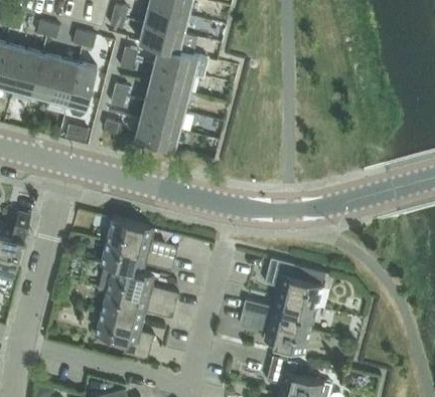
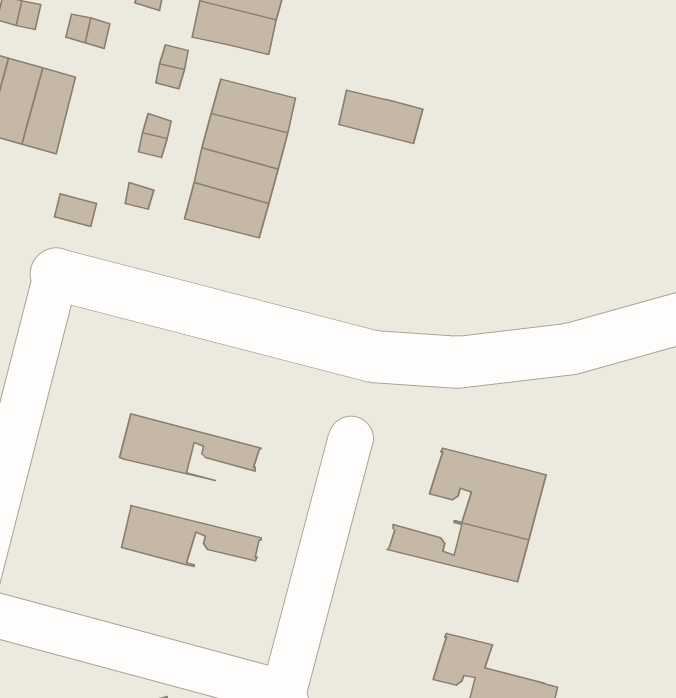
building: [154,46,198,74] -> [339,90,423,144]
building: [67,63,97,118] -> none
building: [107,218,178,258] -> none
building: [98,264,178,306] -> none
building: [96,311,153,359] -> none
building: [239,312,310,352] -> none

